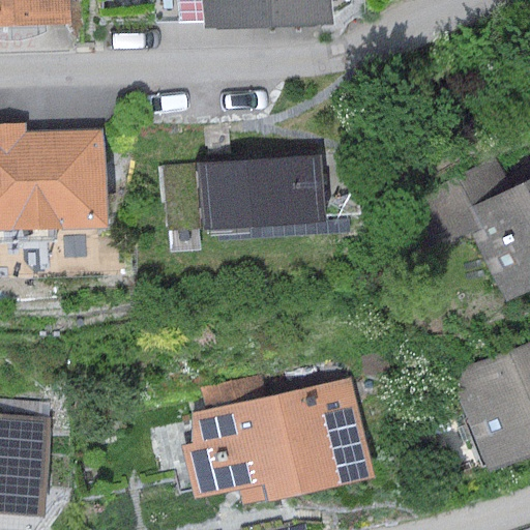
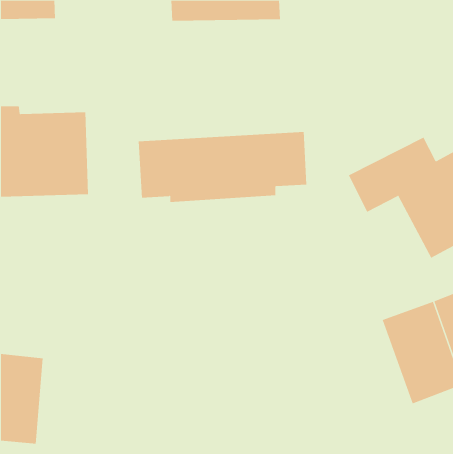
building: [180,379,372,505] -> none

